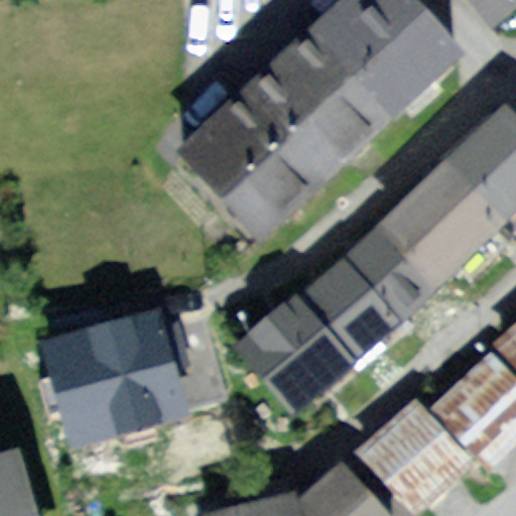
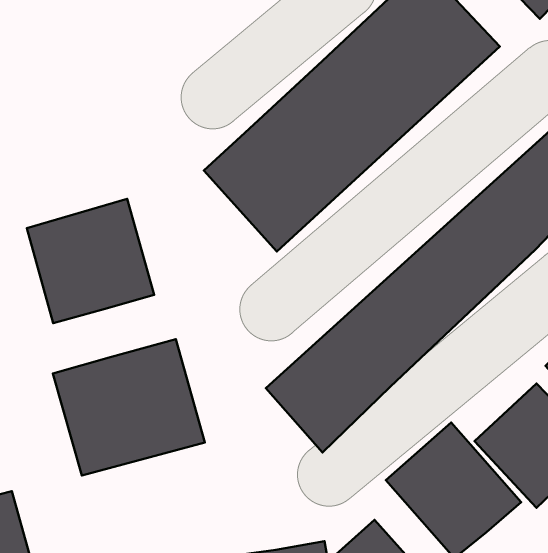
building: none -> [27,199,154,323]

